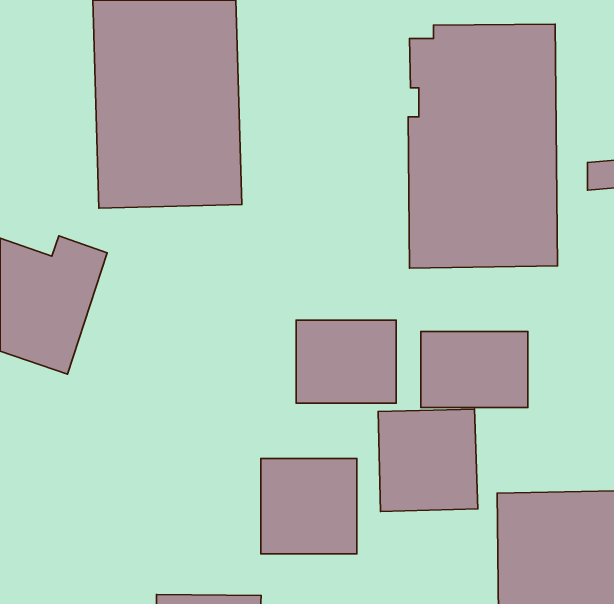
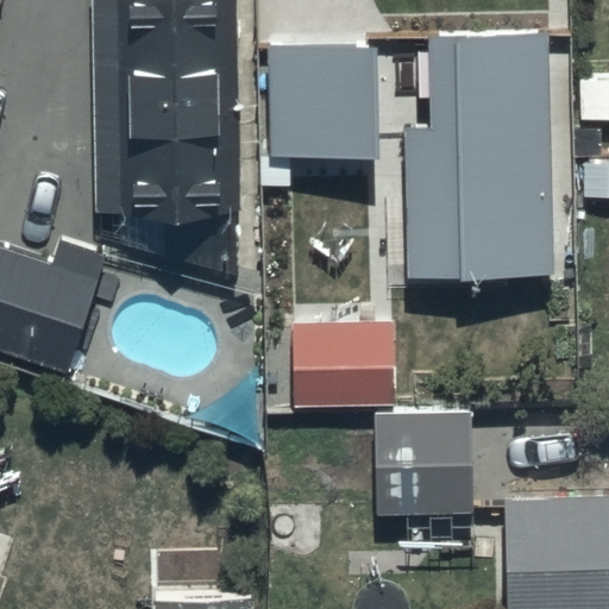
building: none -> [271,44,379,157]
building: [421,331,528,408] -> none
building: [261,459,357,554] -> none

